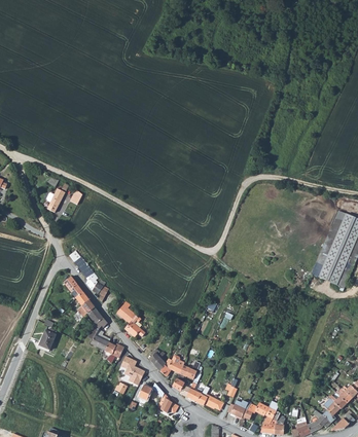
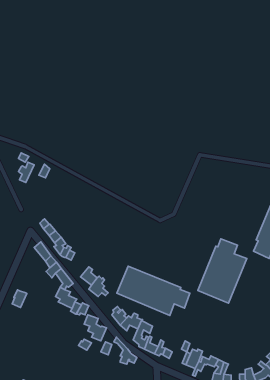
building: none -> [198,239,247,303]
building: none -> [117,266,190,315]

